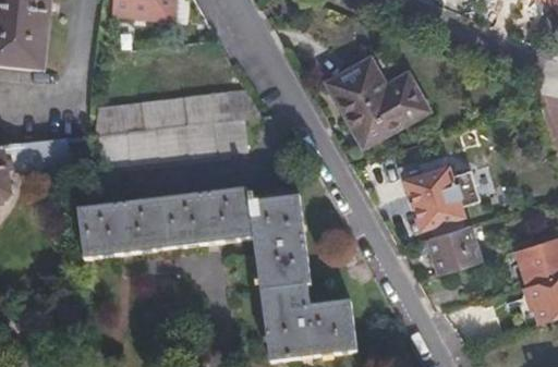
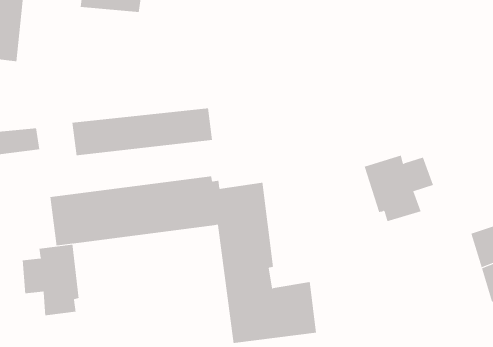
building: [327,57,425,142] -> none
building: [97,85,262,134] -> none
building: [429,223,481,271] -> none
building: none -> [22,244,79,316]

